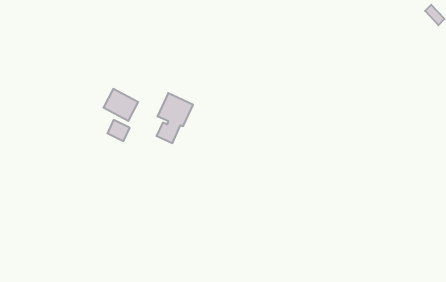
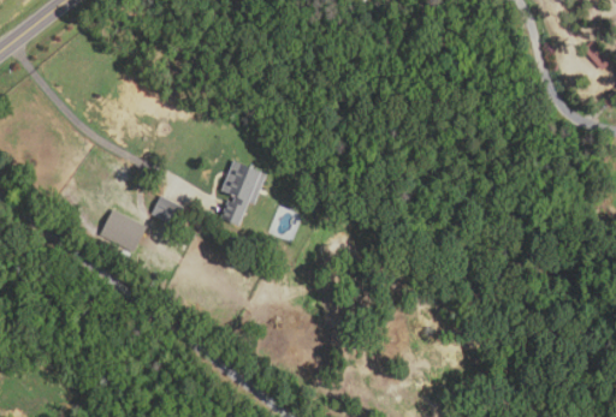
building: [103,89,138,121] -> [99,209,146,252]

